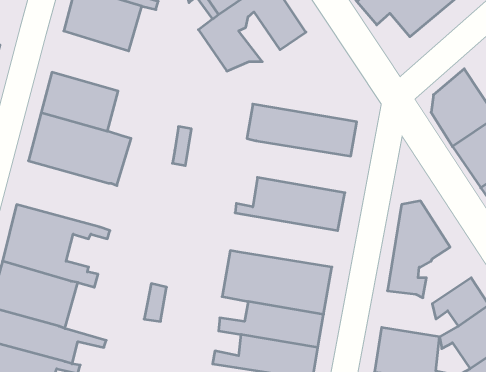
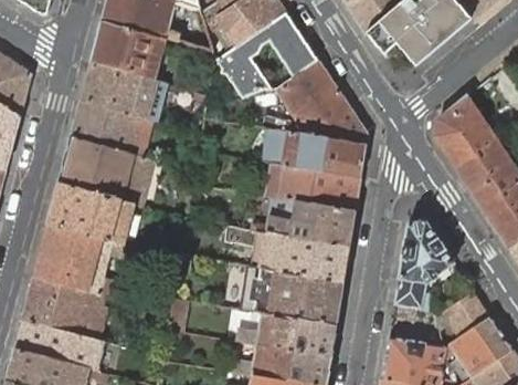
building: none -> [81,61,168,122]
building: none -> [264,62,368,146]
building: none -> [266,164,360,212]
building: none -> [47,183,136,244]
building: none -> [225,227,348,282]

